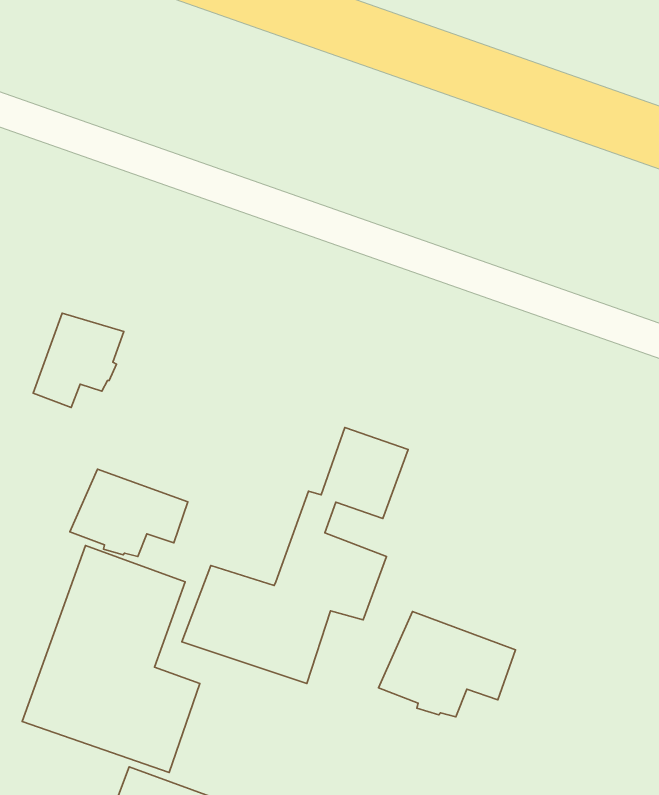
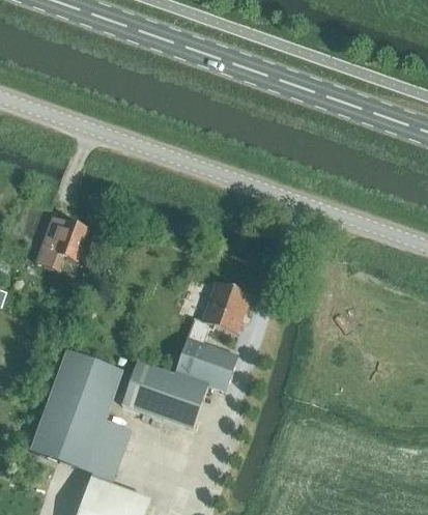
building: [70,469,188,557] -> none
building: [379,612,515,717] -> none

